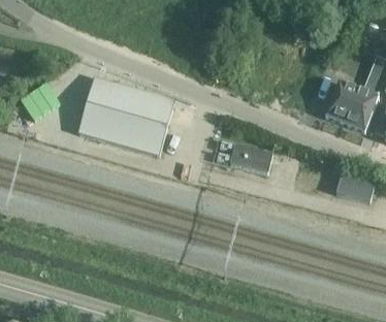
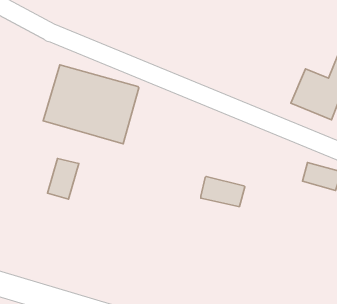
building: [230,142,274,172] -> [201,176,245,207]
building: none -> [48,158,79,199]

